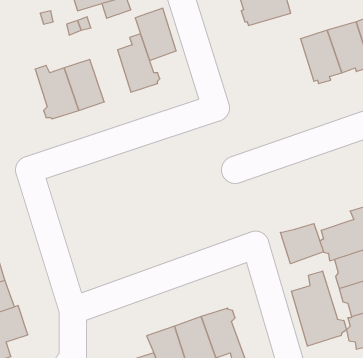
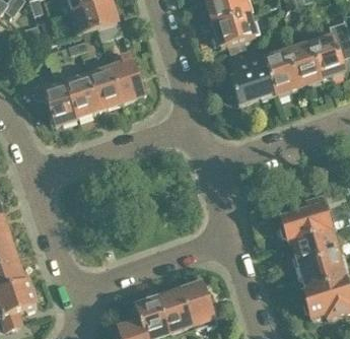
building: [135,8,176,60] -> [87,67,122,111]
building: none -> [226,44,275,104]
building: [280,224,323,264] -> none
building: [292,271,347,346] -> none

